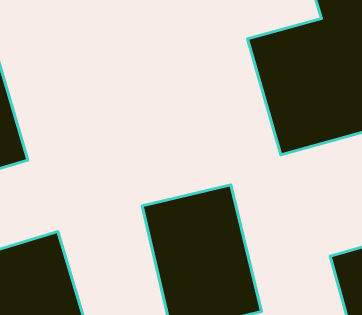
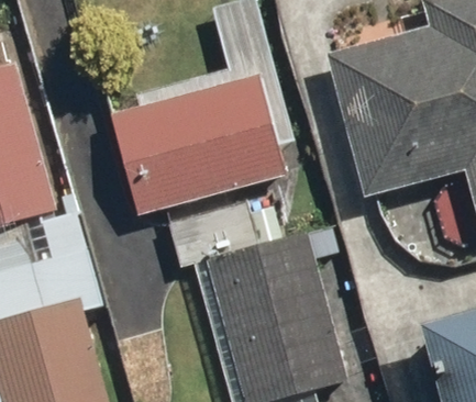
building: none -> [104,79,274,204]

